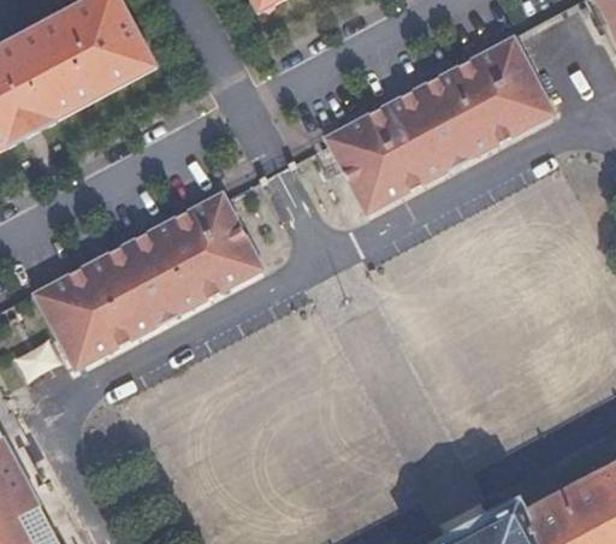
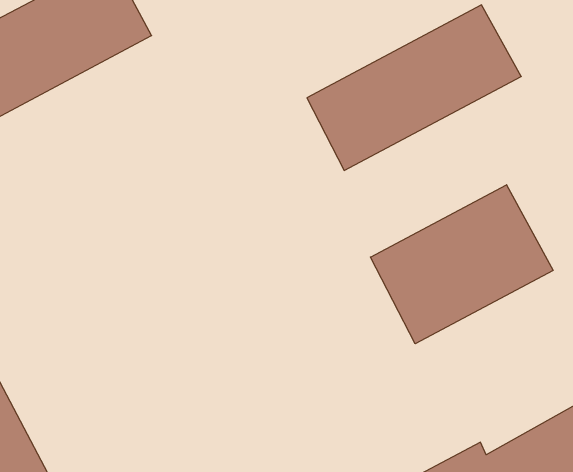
building: [35,189,265,366] -> none
building: none -> [370,185,553,344]

